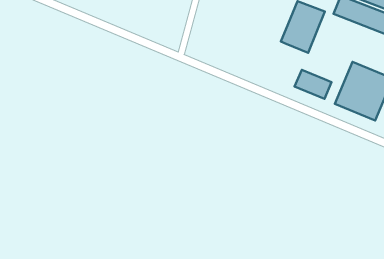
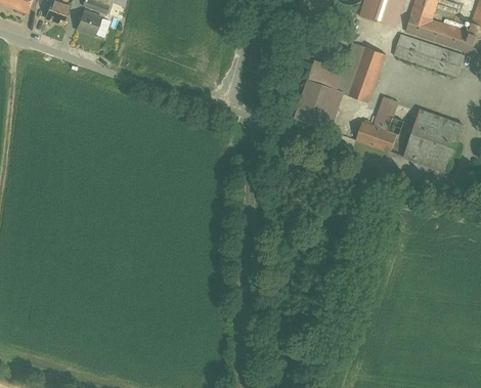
building: none -> [294,59,343,129]
building: none -> [373,96,398,130]

